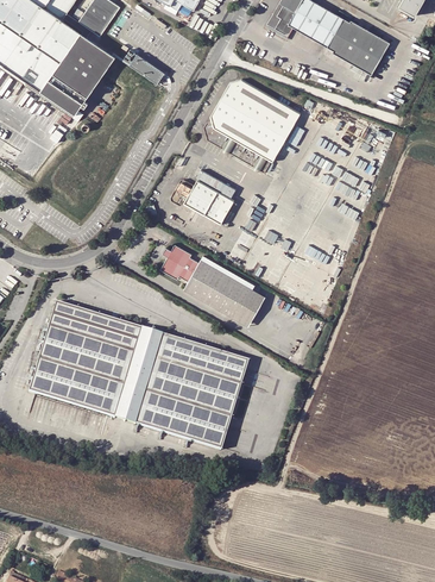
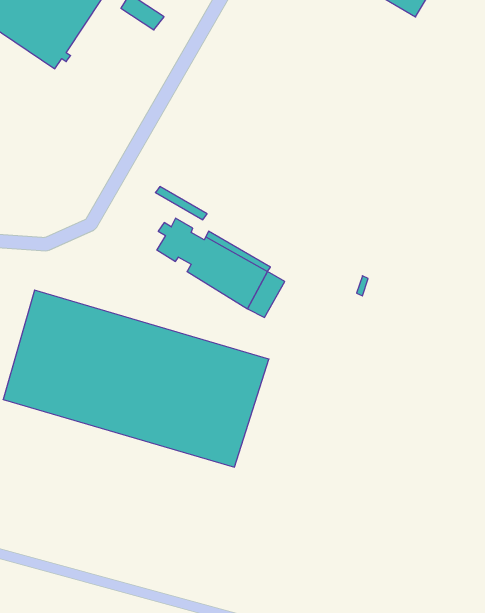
building: [206,79,301,170] -> none
building: [171,179,234,223] -> none

